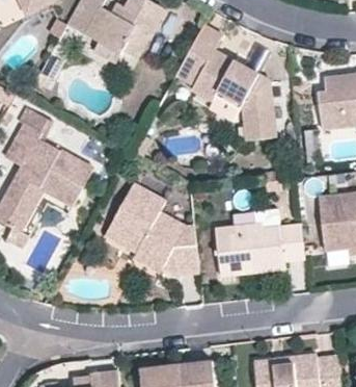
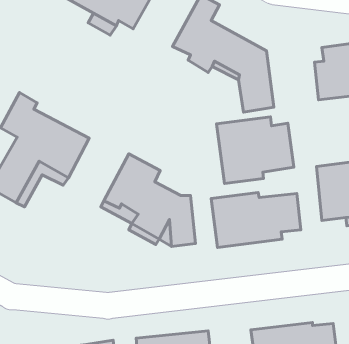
building: none -> [217,117,294,183]

